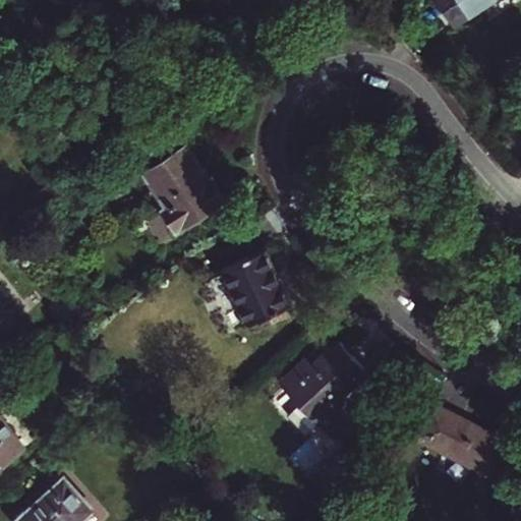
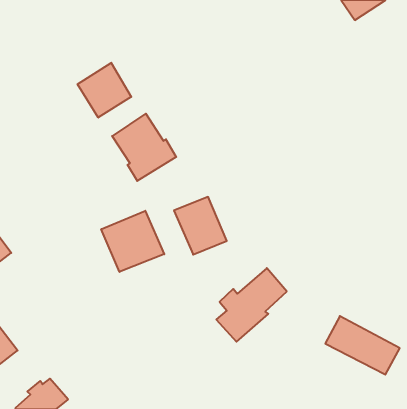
building: none -> [78,63,131,118]
building: none -> [101,211,164,272]

